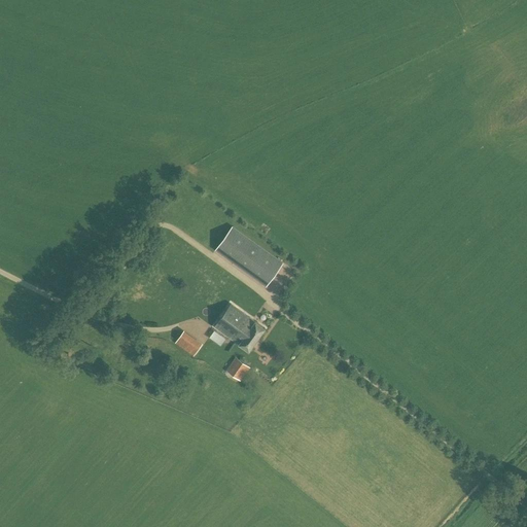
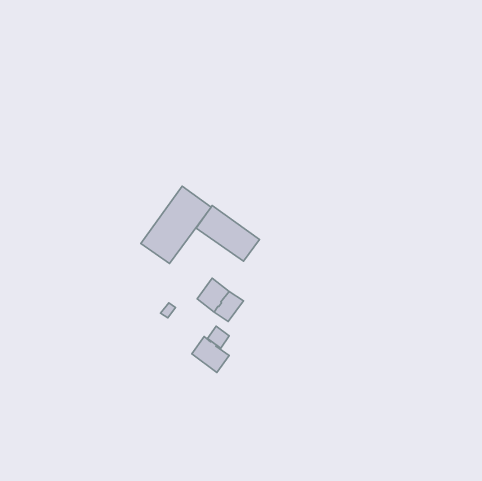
building: none -> [141,186,211,264]
building: none -> [192,337,229,373]

